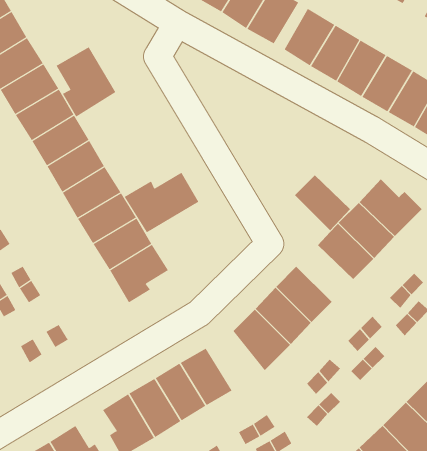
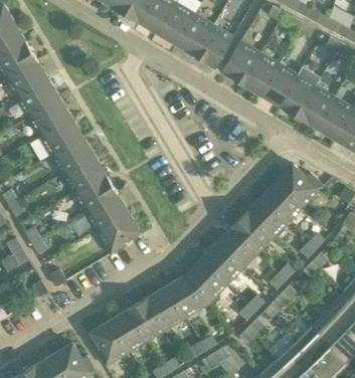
building: [56,46,116,117] -> none
building: [124,172,199,233] -> none
building: [294,174,351,231] -> [231,212,273,253]
building: none -> [166,274,208,318]

